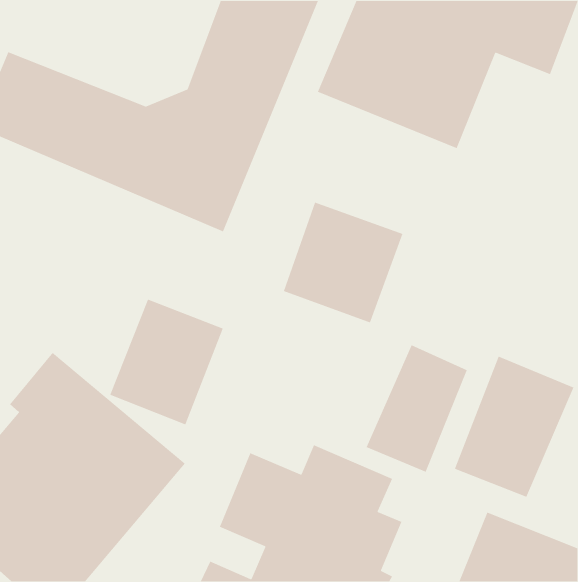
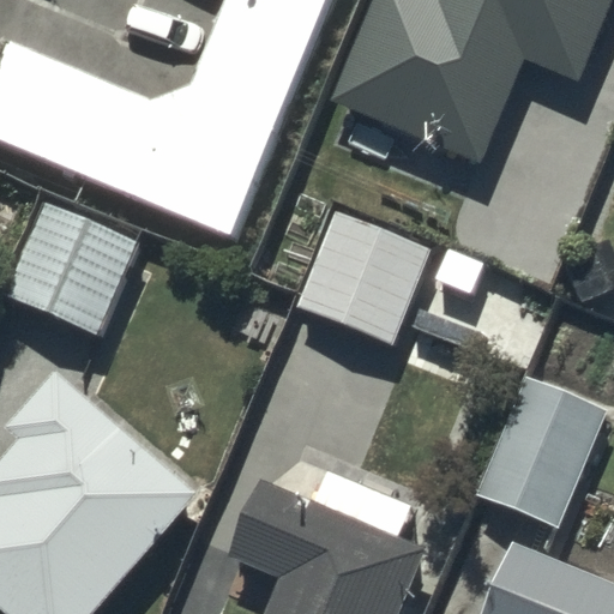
building: none -> [5,200,138,330]
building: [109,299,224,426] -> none
building: [365,344,468,473] -> none

